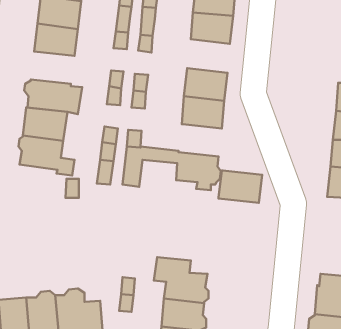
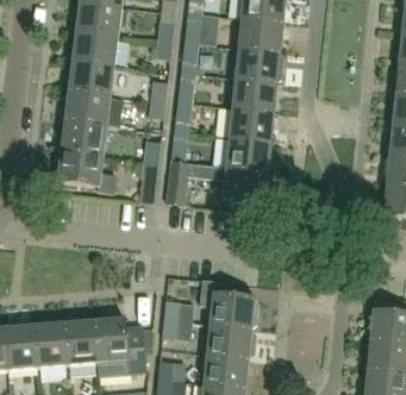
building: none -> [235,48,282,83]
building: none -> [68,61,114,95]
building: [218,171,262,203] -> [225,138,271,173]

